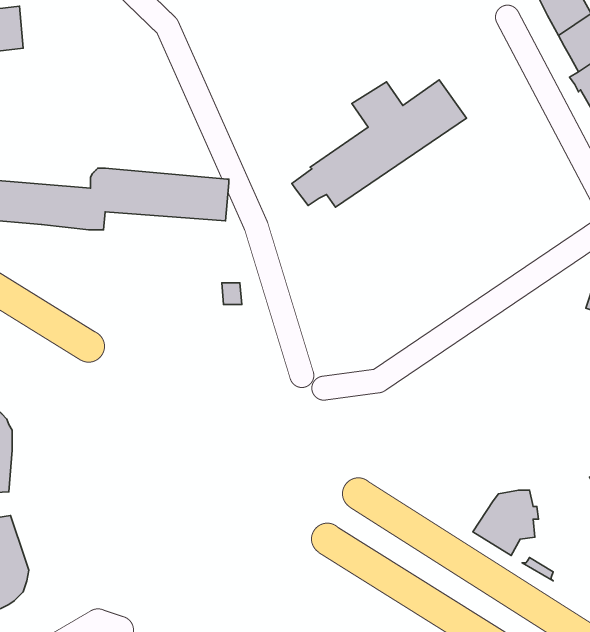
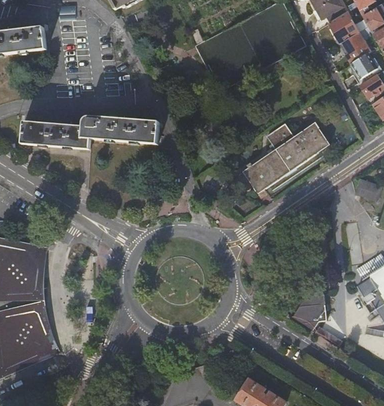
building: [292,80,467,207] -> [234,120,330,190]

